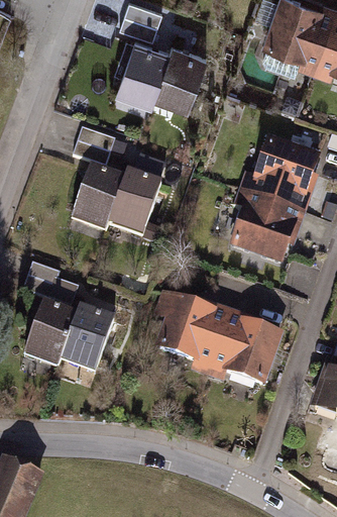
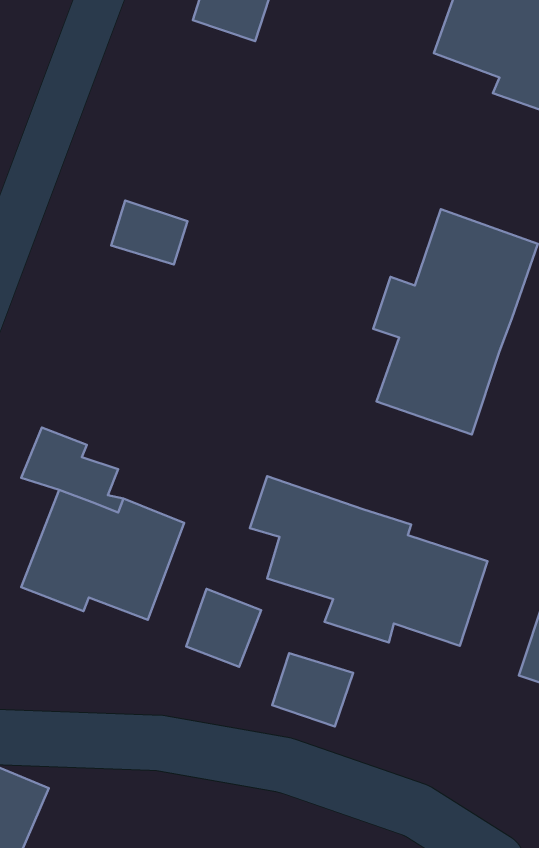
building: [117,34,212,107] -> none
building: [68,161,162,233] -> none
building: none -> [186,589,261,667]
building: none -> [272,653,353,727]

